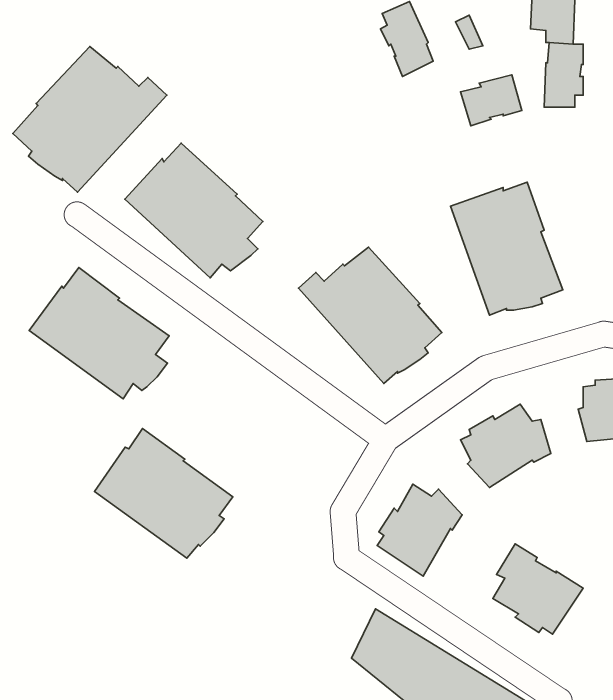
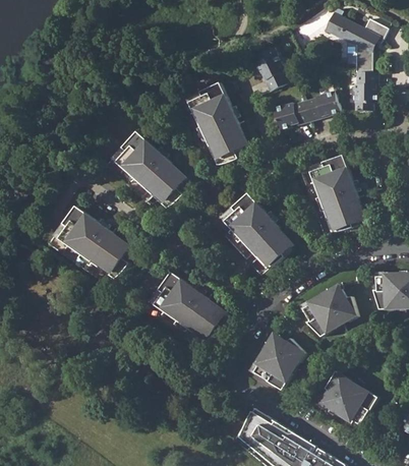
building: [13,46,167,192] -> none
building: none -> [177,82,247,165]
building: none -> [274,101,310,129]
building: [95,428,233,558] -> [143,272,226,349]

